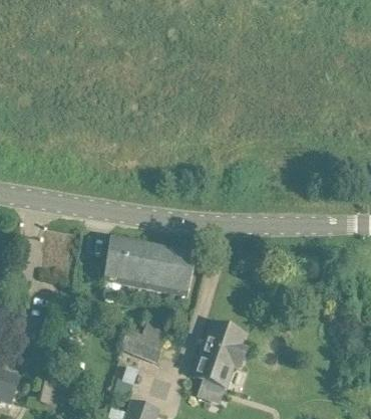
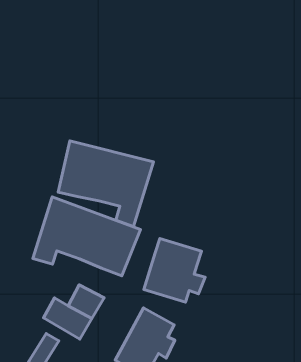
building: none -> [58,141,153,226]
building: none -> [144,238,205,302]

